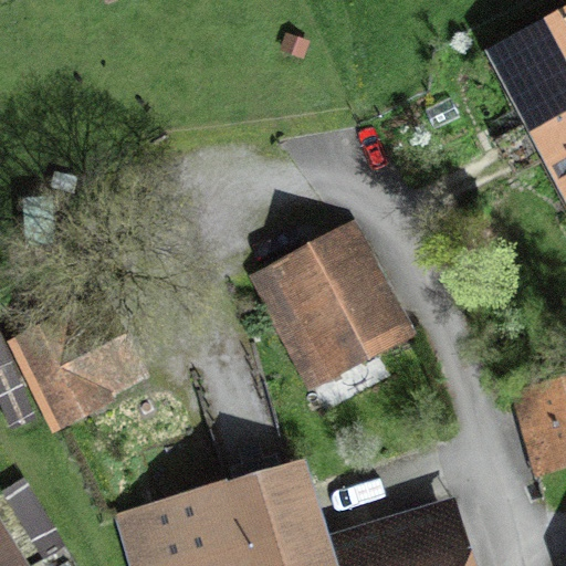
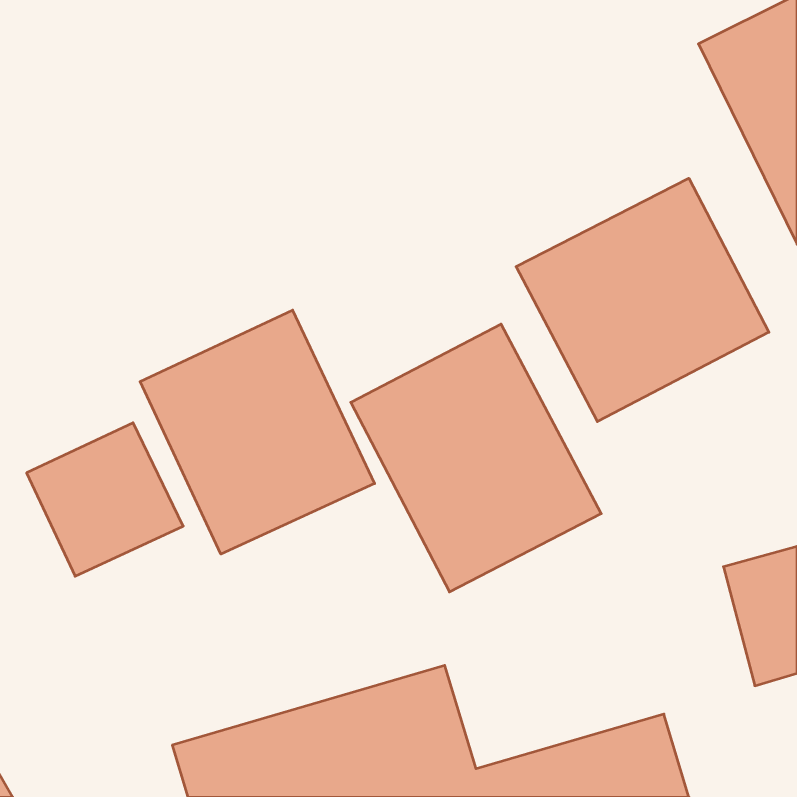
building: none -> [516,178,769,422]
building: none -> [140,310,375,554]

